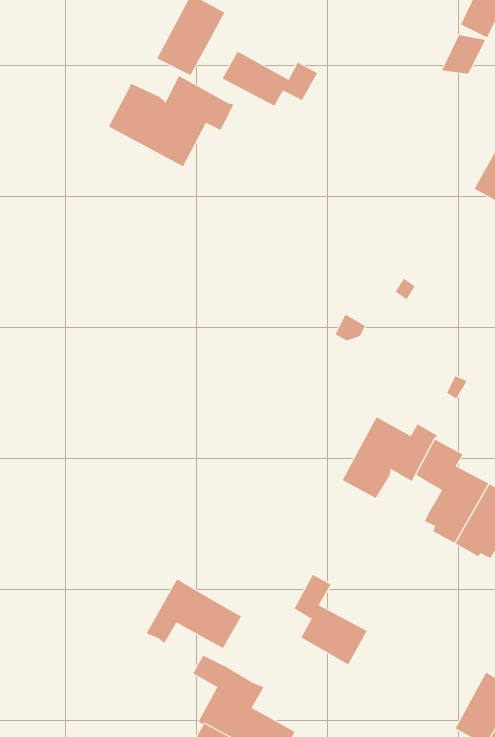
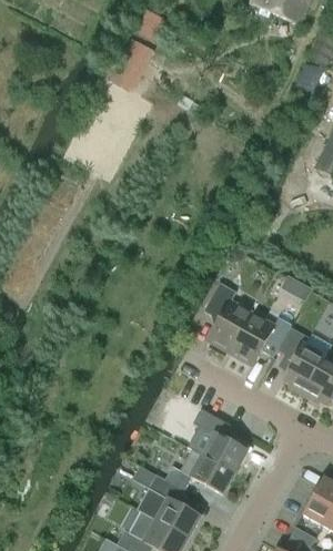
building: [222,51,318,106] -> none
building: [108,75,234,167] -> none
building: none -> [203,282,252,353]
building: [146,579,242,649] -> [172,448,234,493]

